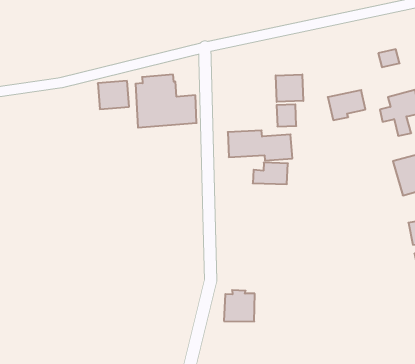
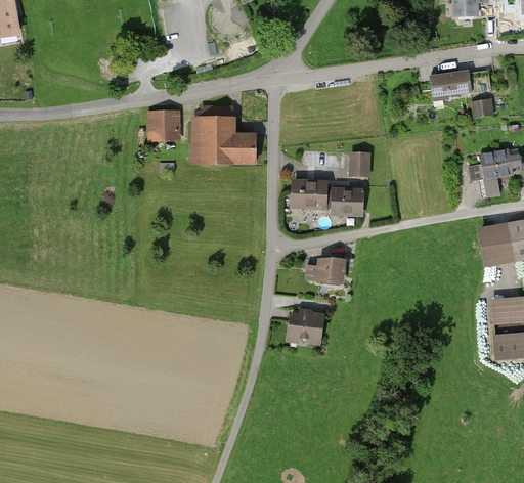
building: [276,74,303,102] -> none
building: [328,90,365,120] -> [429,71,471,102]
building: [253,163,288,184] -> [305,256,347,282]
building: [224,290,255,321] -> [287,307,324,345]

